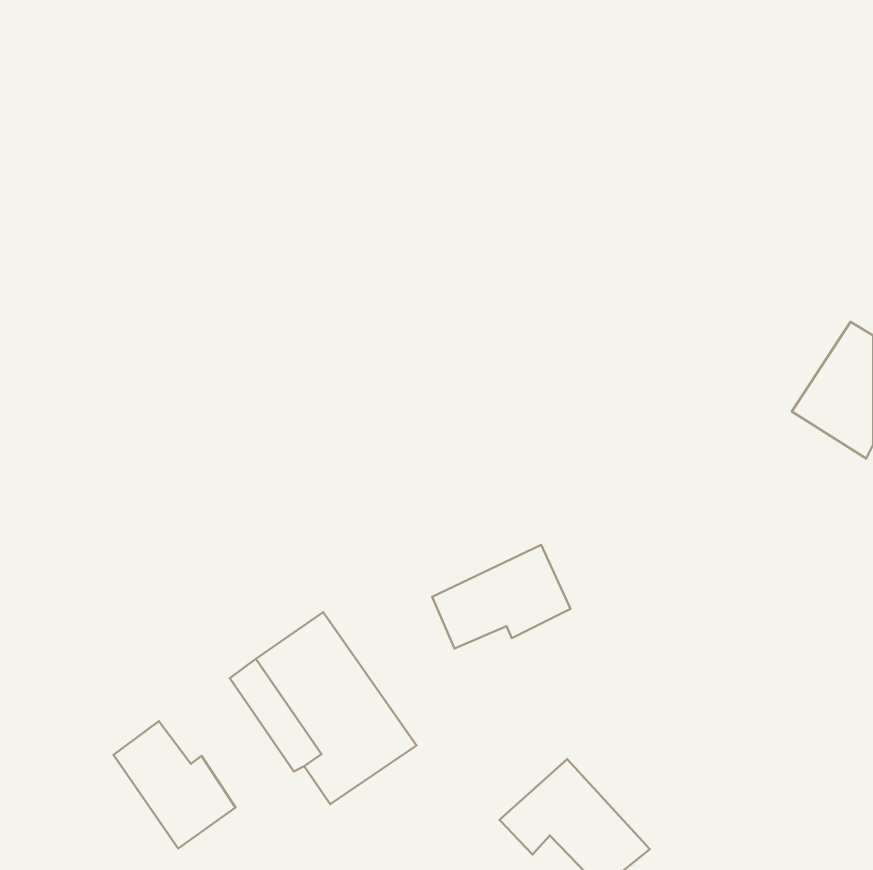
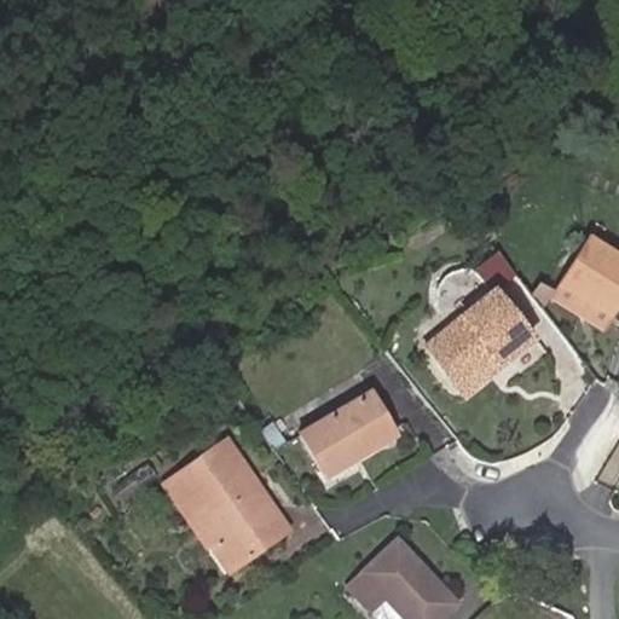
building: none -> [426,290,533,386]
building: [113,721,236,849] -> none

